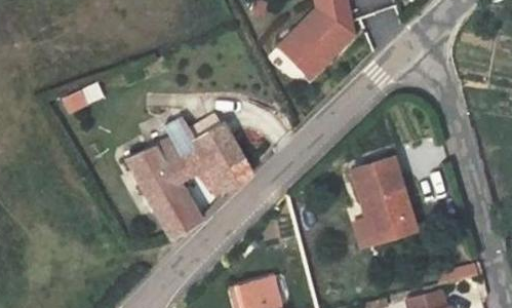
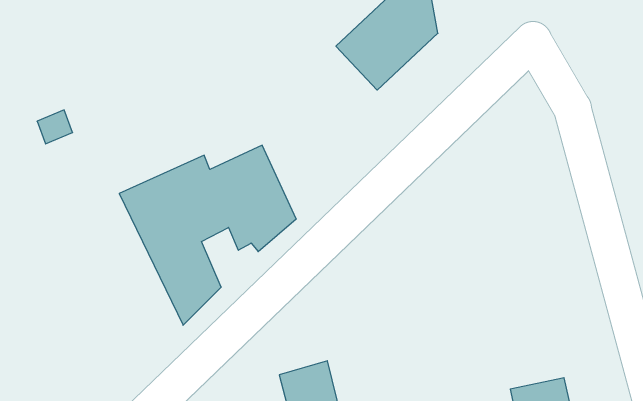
building: [352,156,416,246] -> none

